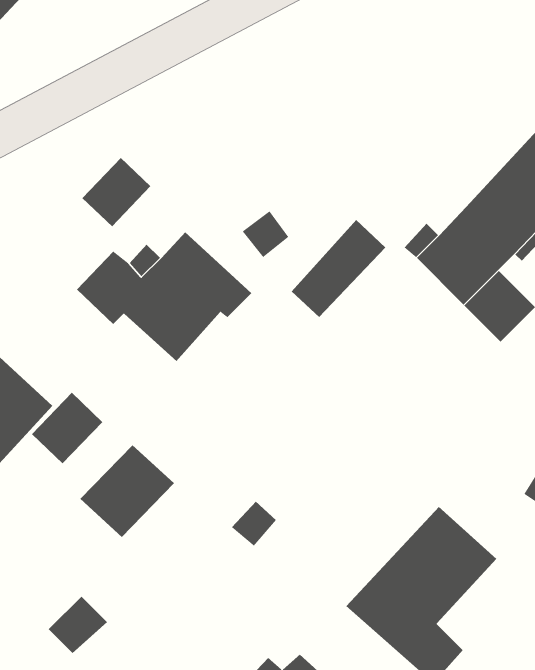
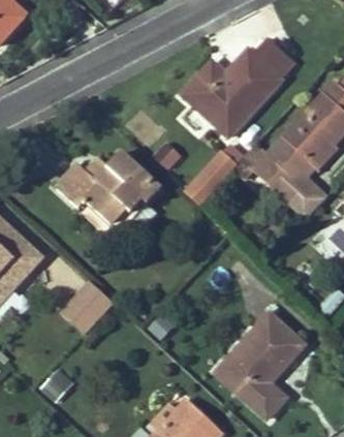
building: none -> [183,40,294,136]
building: [82,157,151,227] -> none
building: [31,392,103,464] -> none

